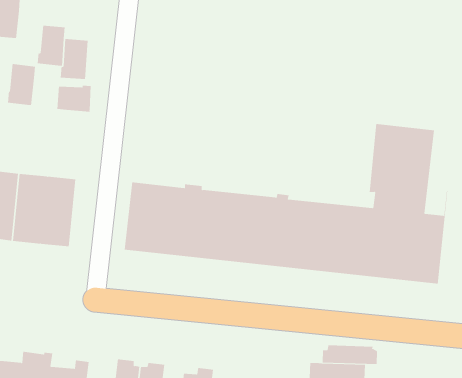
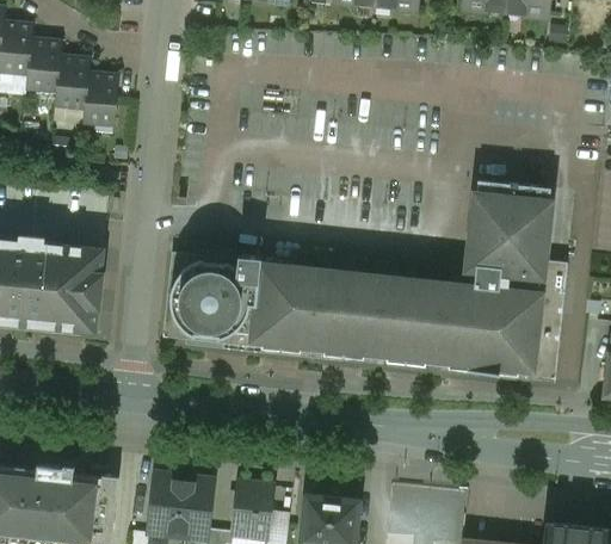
building: [7,64,36,106] -> [26,38,62,91]
building: [57,85,91,112] -> none
building: [322,345,378,365] -> none

